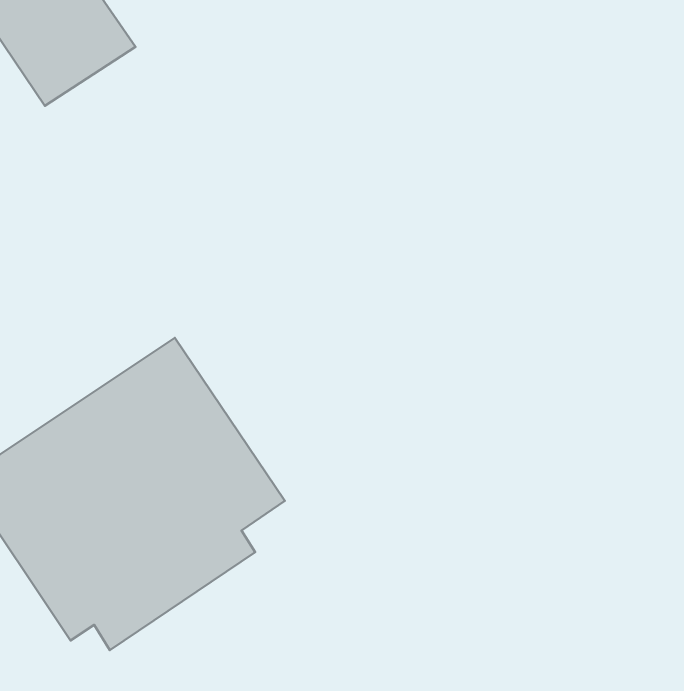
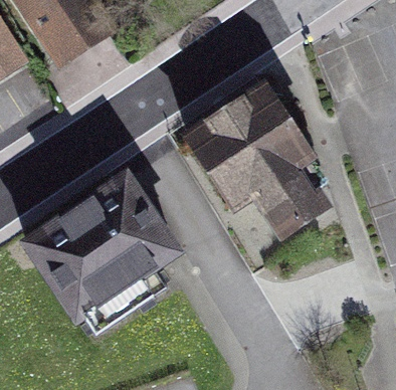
building: none -> [189,87,322,232]

